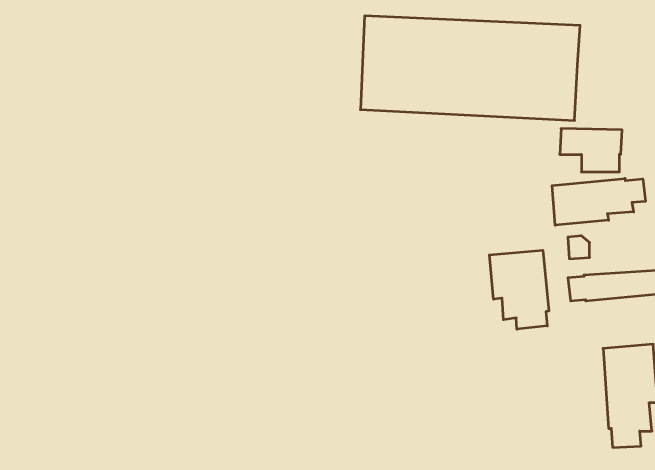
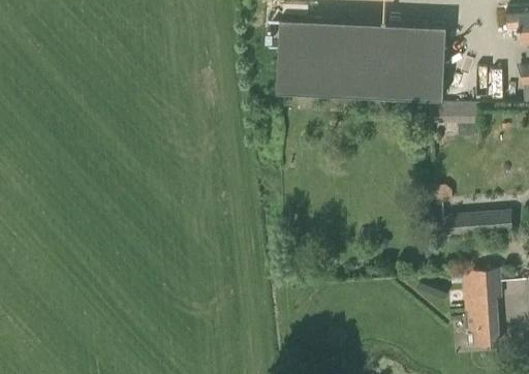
building: [552,178,645,225] -> none
building: [489,250,549,329] -> none

